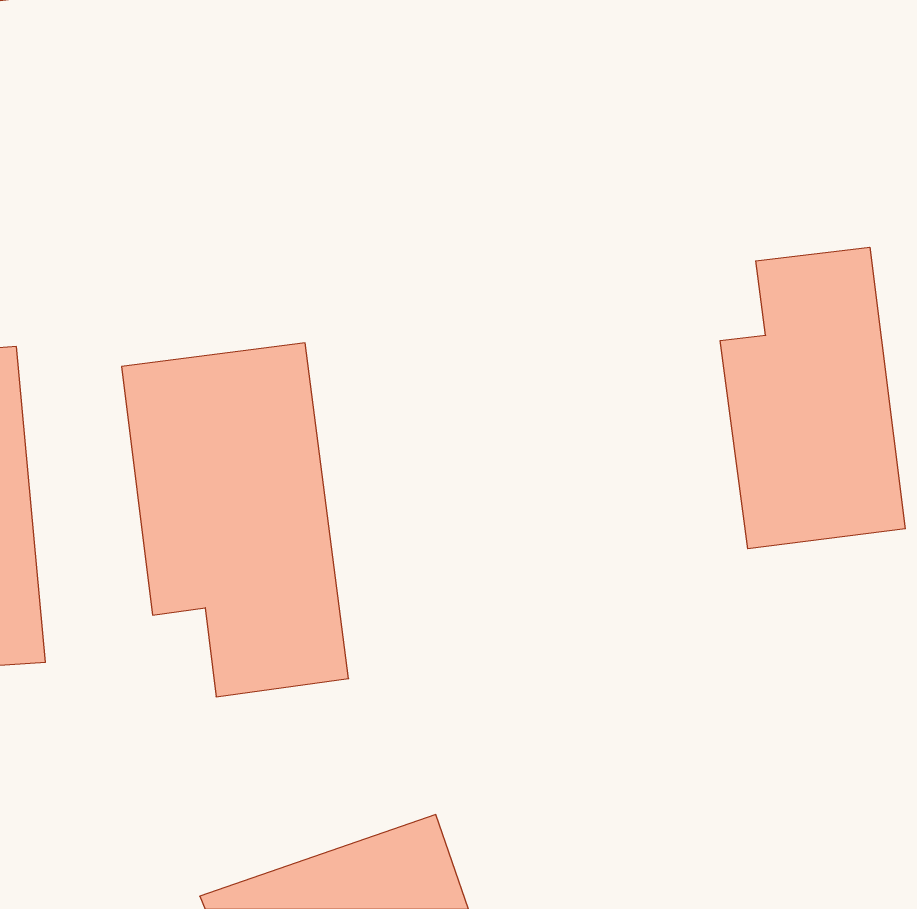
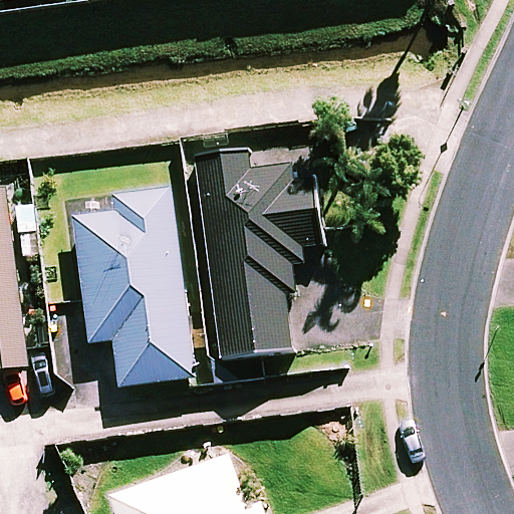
building: [720,247,905,549] -> none
building: none -> [198,154,320,359]

